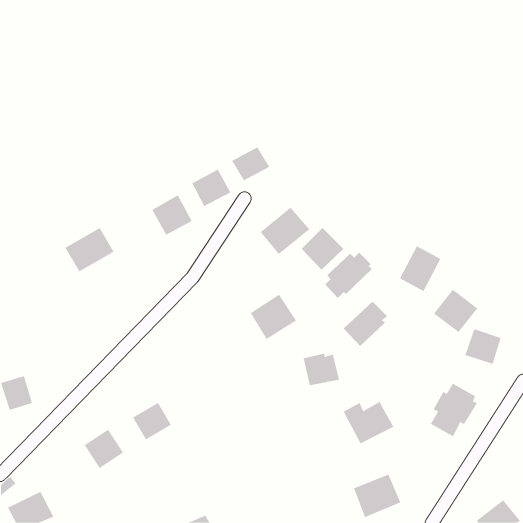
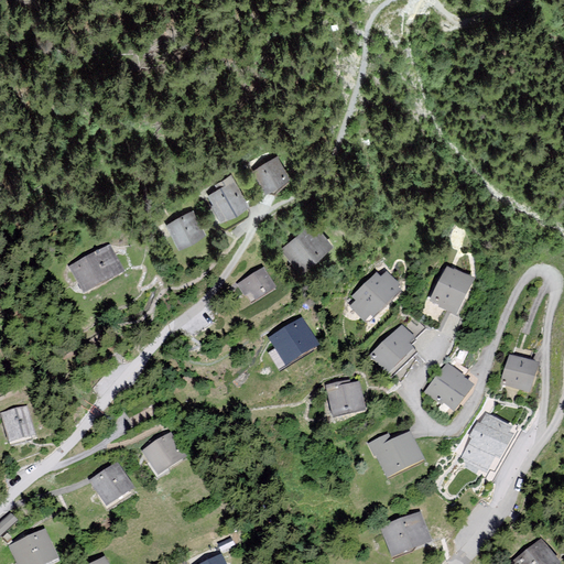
building: [301,227,344,271] -> none
building: none -> [237,267,276,301]
building: [433,289,478,333] -> [425,364,474,411]

